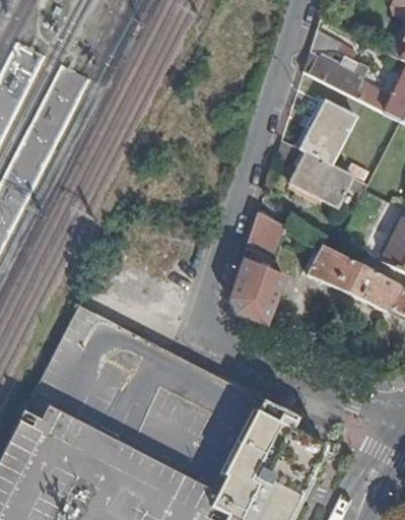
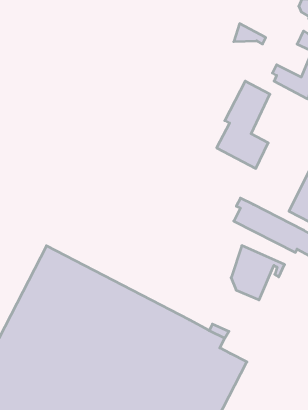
building: [305,56,369,101] -> none
building: [249,214,284,257] -> none
building: [231,260,297,327] -> [231,246,285,300]

